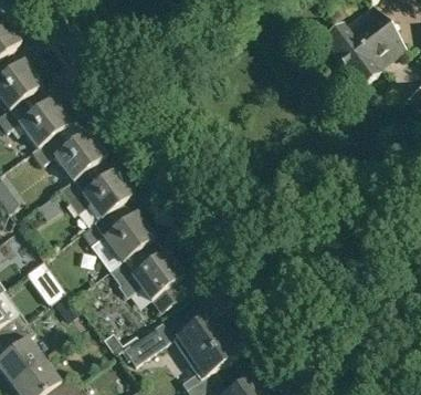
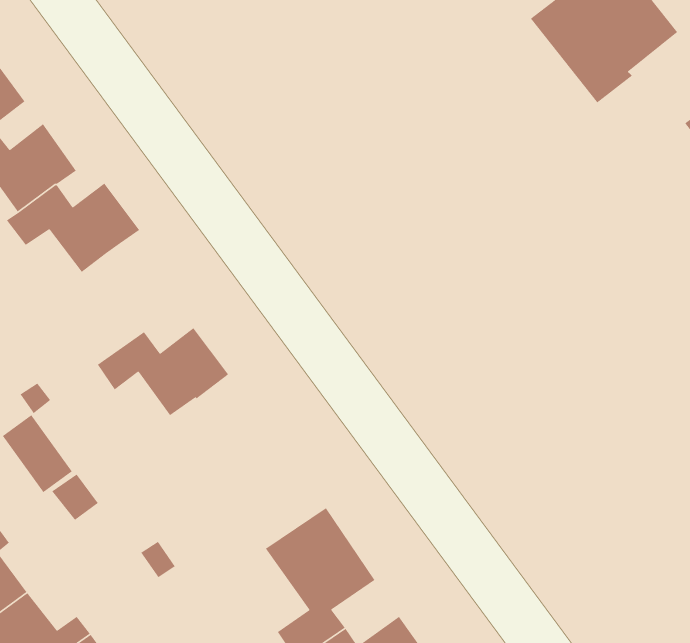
building: [60,165,135,219] -> none
building: [109,250,185,322] -> none
building: [125,321,175,365] -> none

